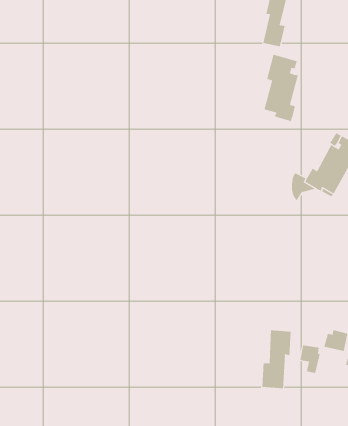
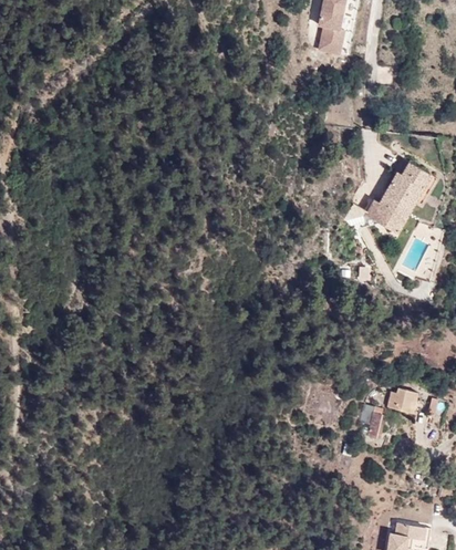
building: [264,54,299,122] -> none
building: [262,330,291,389] -> none

